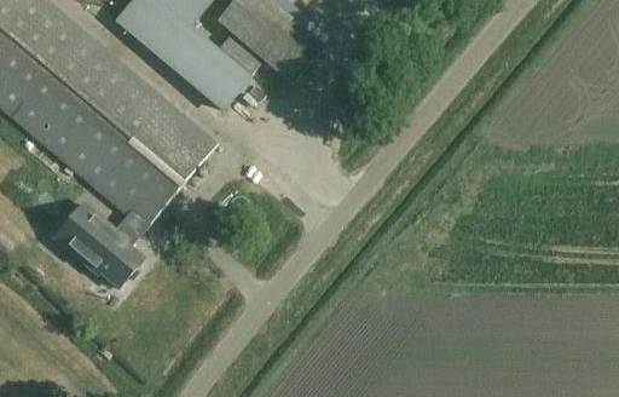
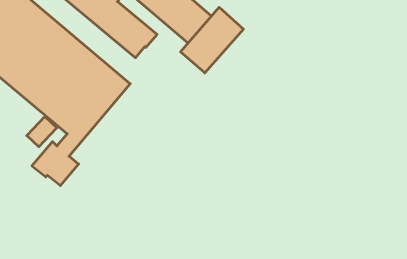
building: none -> [181,7,243,73]

